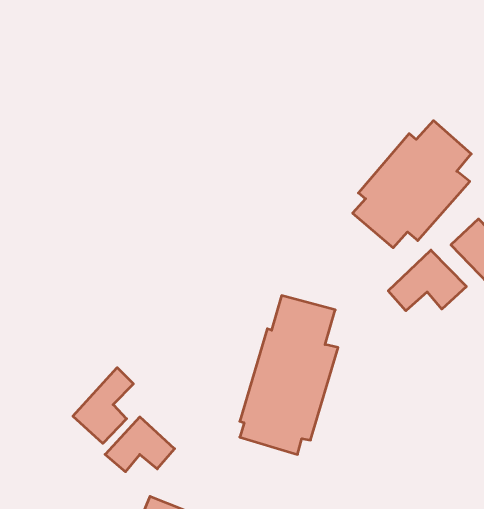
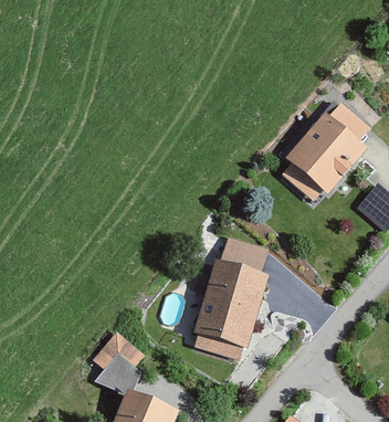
building: [388,250,466,311] -> none
building: [73,368,133,443] -> none

